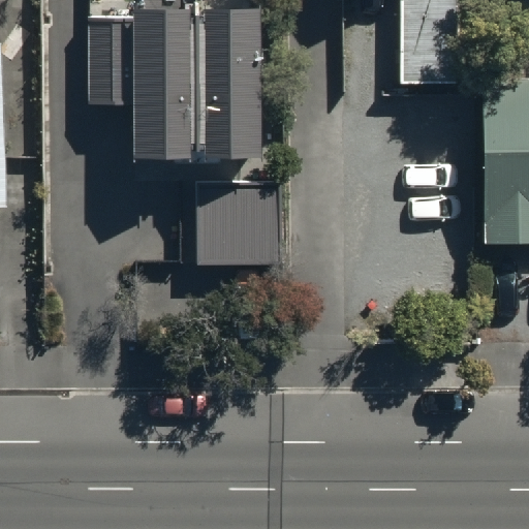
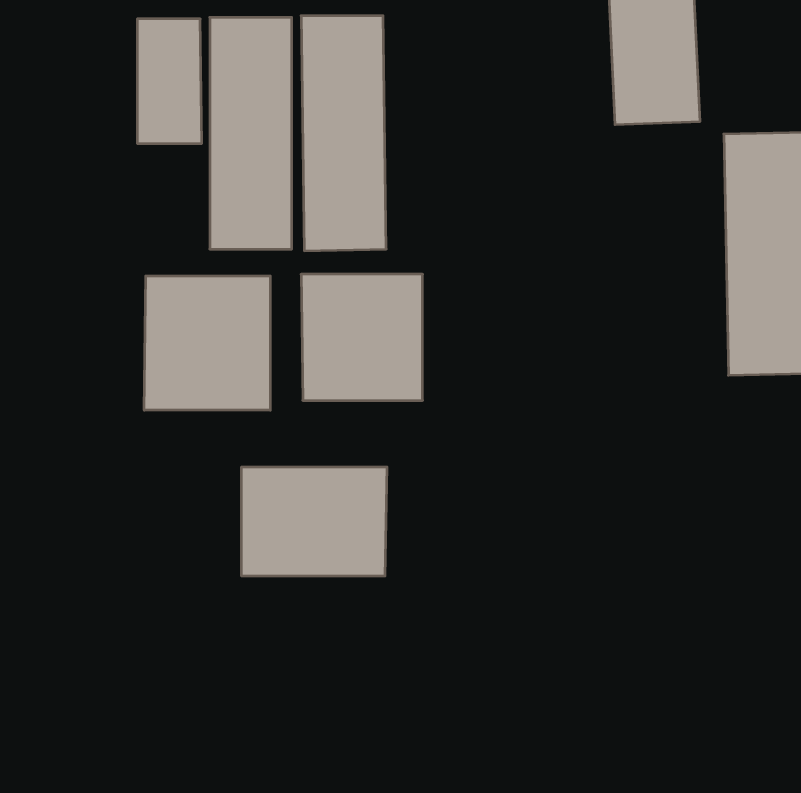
building: none -> [144,276,270,410]
building: none -> [242,467,387,576]

